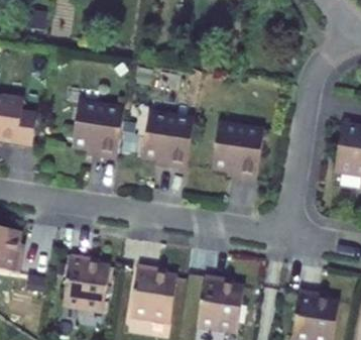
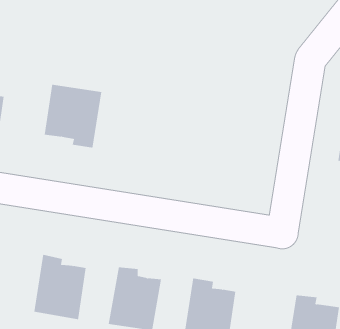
building: [142,112,195,169] -> none
building: [212,122,264,181] -> none

